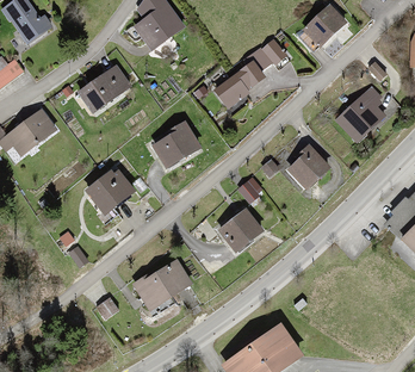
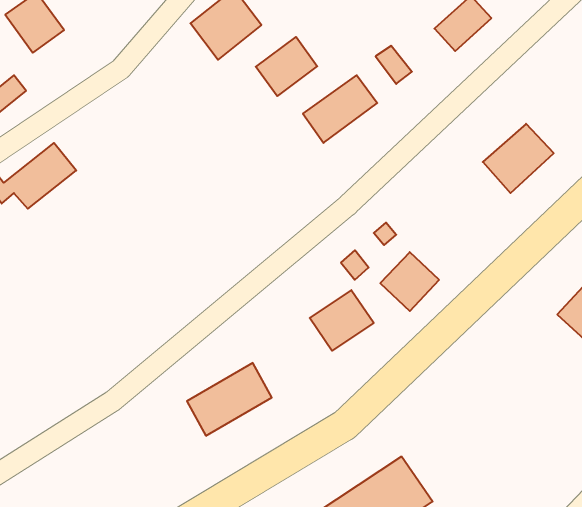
building: none -> [256,37,317,96]
building: [78,64,130,112] -> none
building: [154,125,197,165] -> none
building: [287,148,328,188] -> [380,252,439,311]
building: [86,169,131,215] -> none

